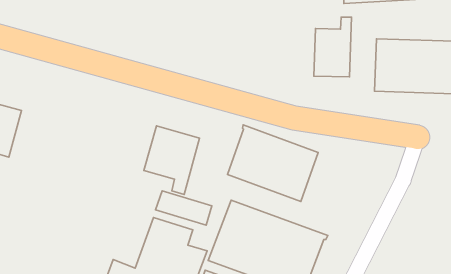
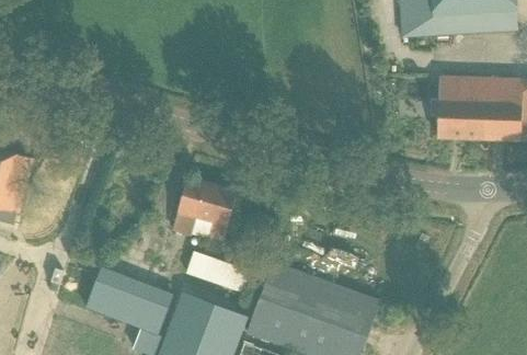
building: [314,17,352,77] -> none
building: [228,125,318,202] -> none
building: none -> [89,267,175,337]

